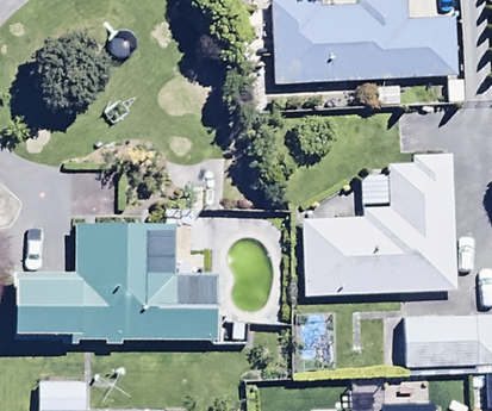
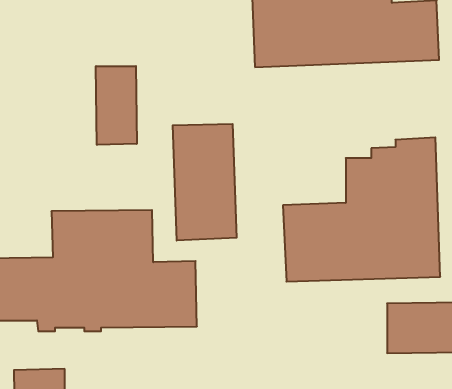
building: none -> [96,66,137,145]
building: none -> [173,124,237,241]

